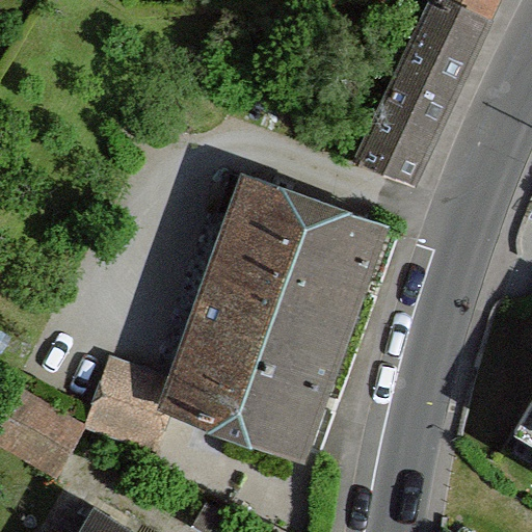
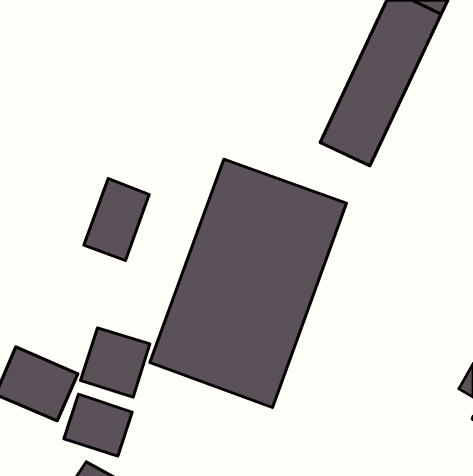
building: none -> [84,178,149,260]
building: none -> [64,394,132,456]

